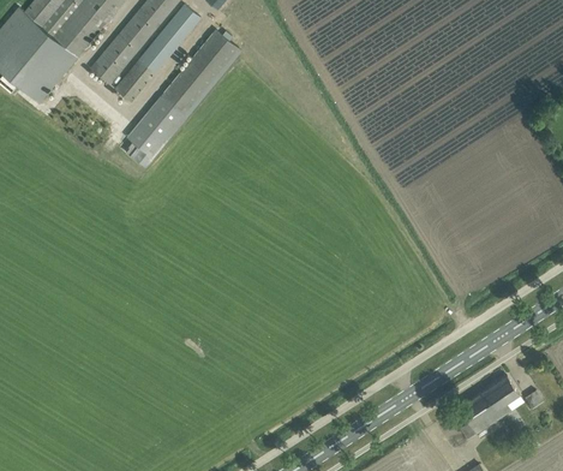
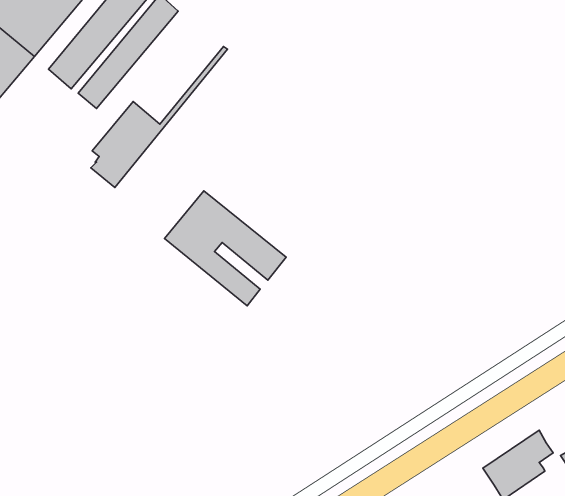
building: [161,30,238,115] -> none
building: none -> [165,191,286,306]

